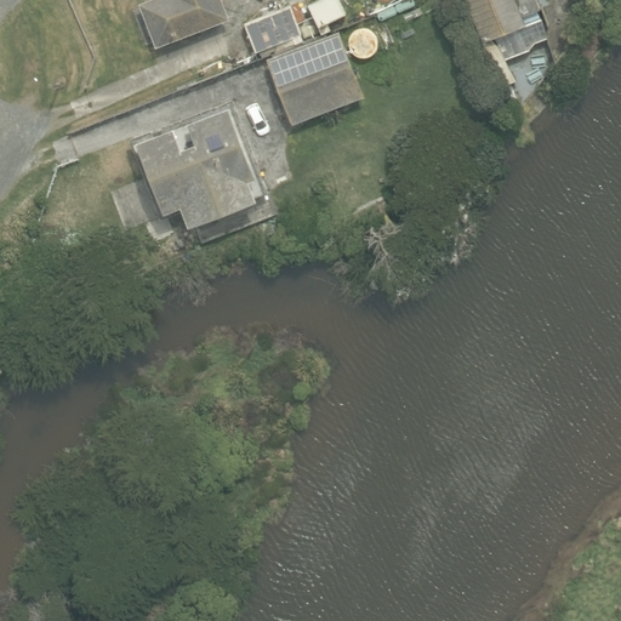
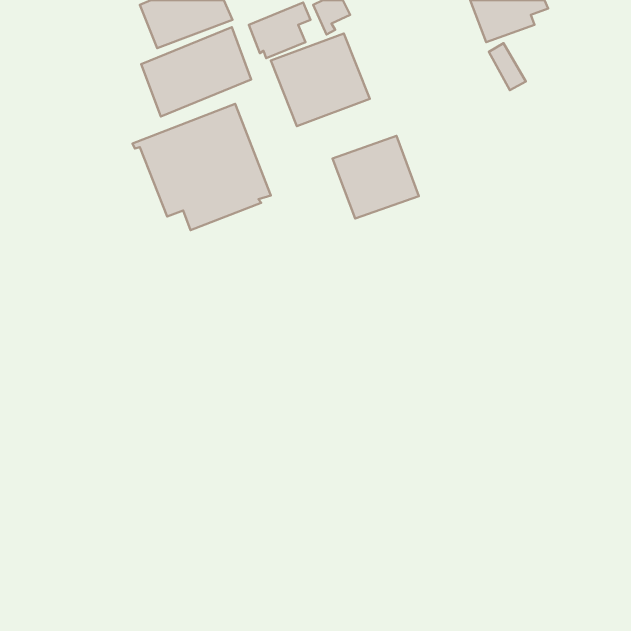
building: none -> [141,27,251,117]
building: none -> [333,136,419,219]

